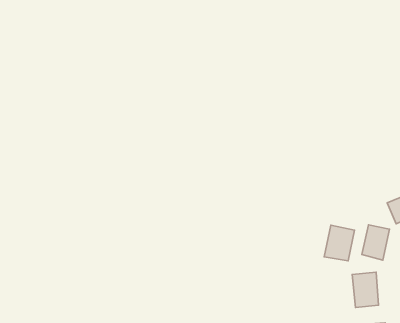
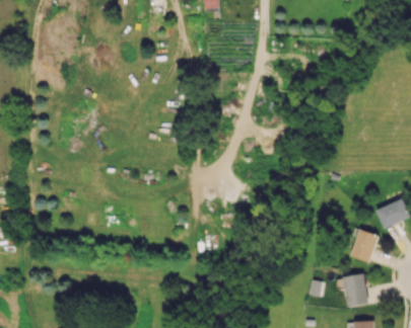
building: [324,225,354,261] -> none

